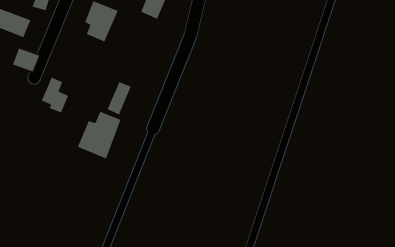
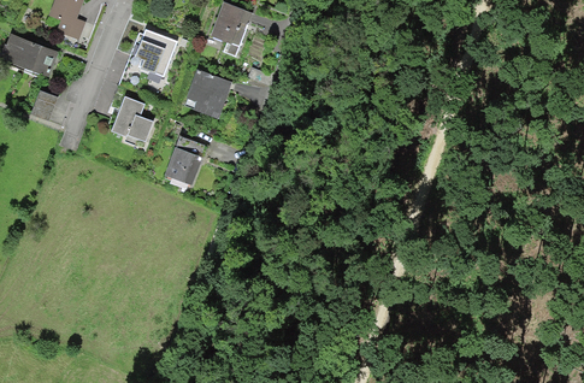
building: none -> [181,70,226,116]
building: [41,77,69,114] -> [112,95,152,147]
building: [77,111,122,159] -> none

